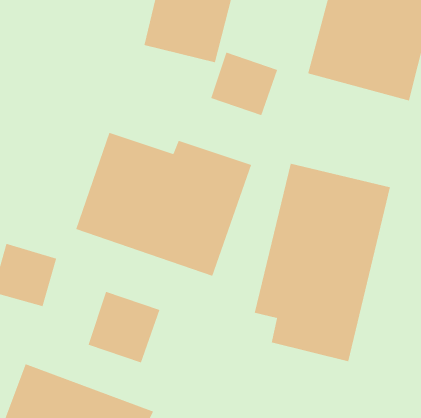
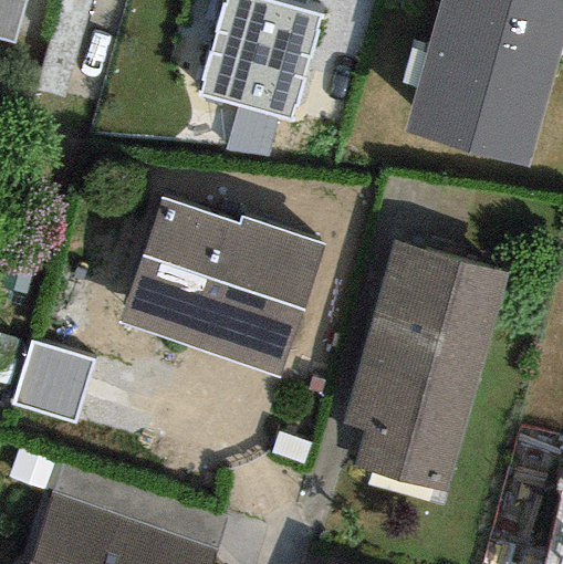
building: [210,51,278,116] -> none
building: [87,291,160,363] -> none

